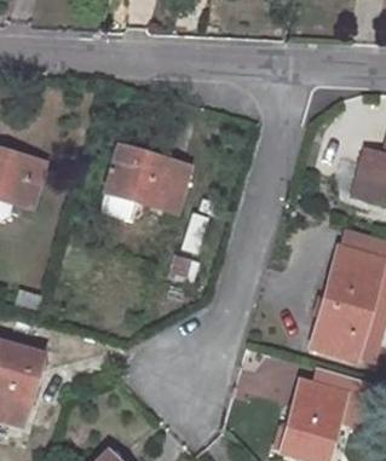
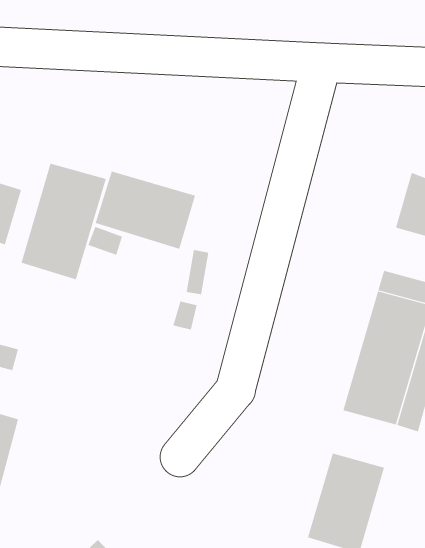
building: none -> [21,163,107,280]

